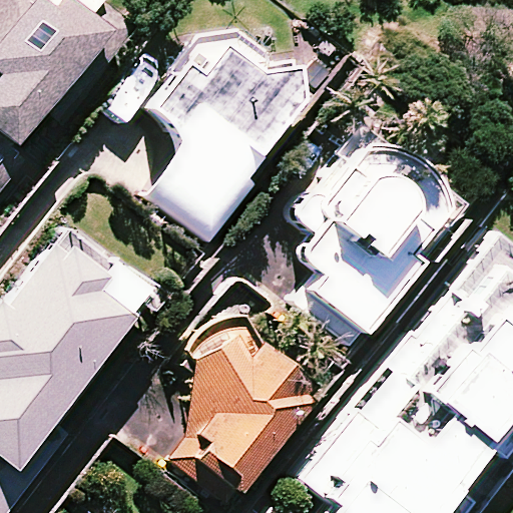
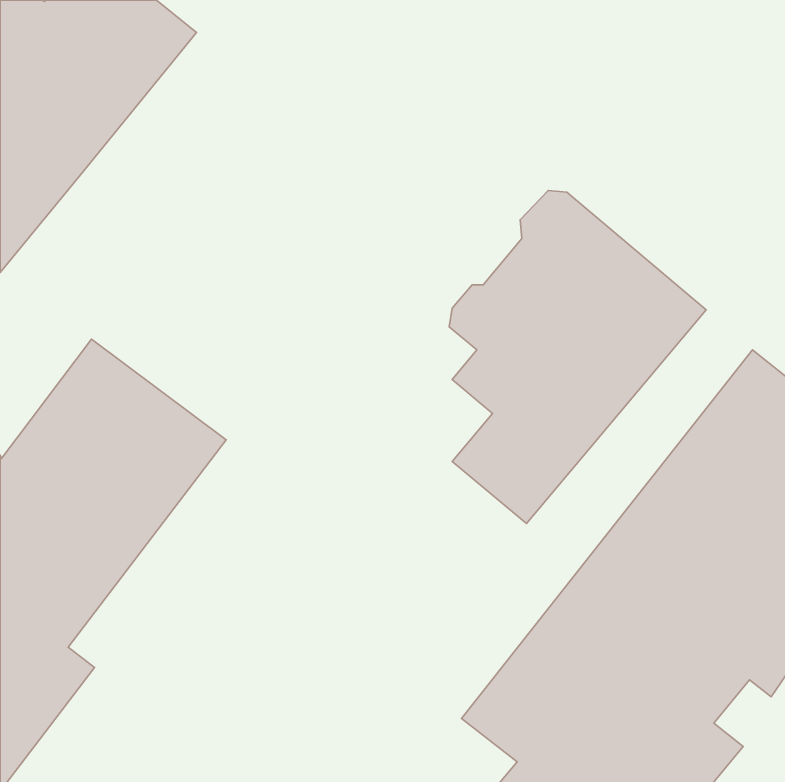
building: [143,37,306,246] -> none
building: [162,320,319,507] -> none

